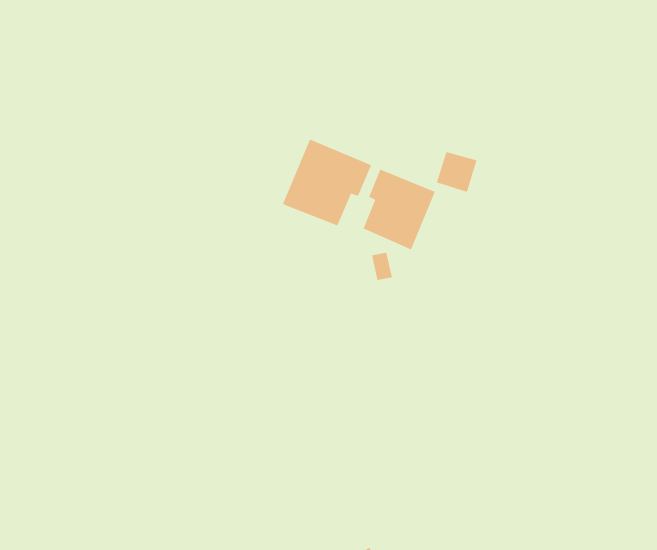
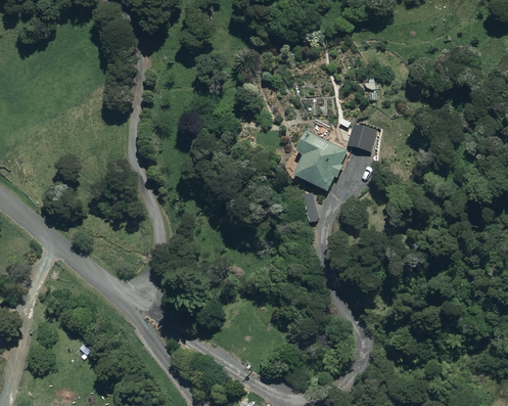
building: [282,138,372,226] -> none

